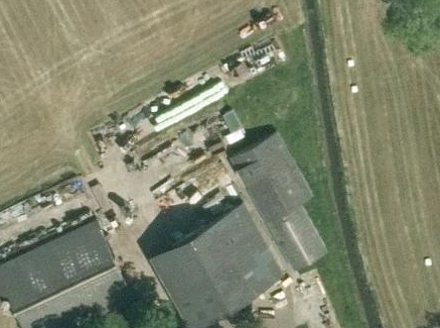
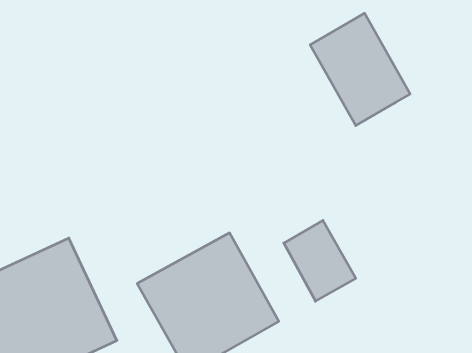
building: [231,136,310,226] -> [310,13,410,126]
building: [224,208,281,289] -> none

